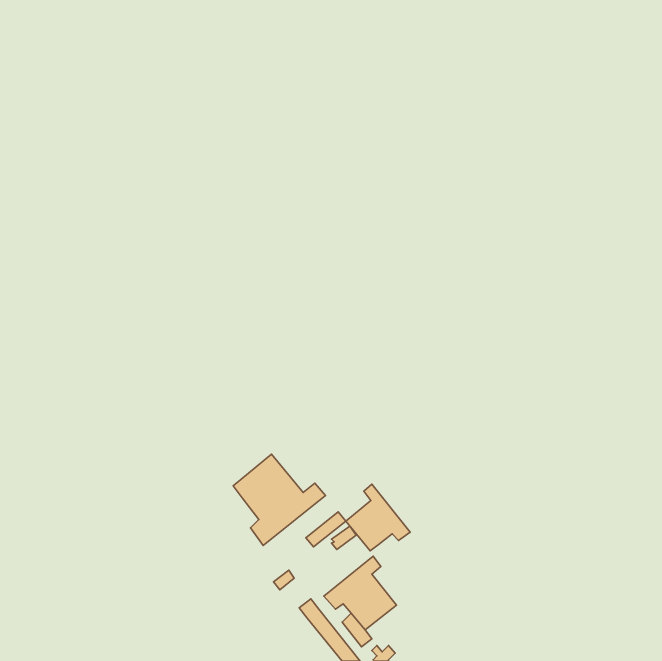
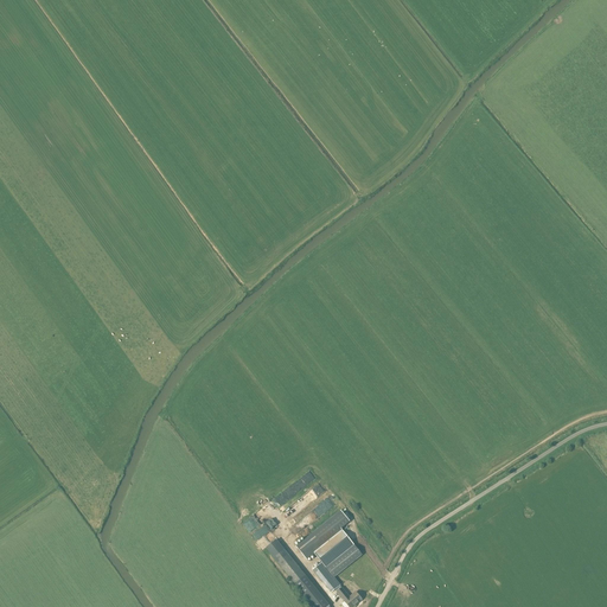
building: [233,454,326,545] -> none
building: [346,484,410,551] -> none

